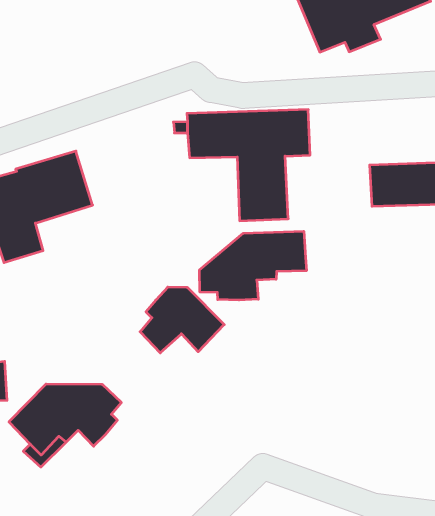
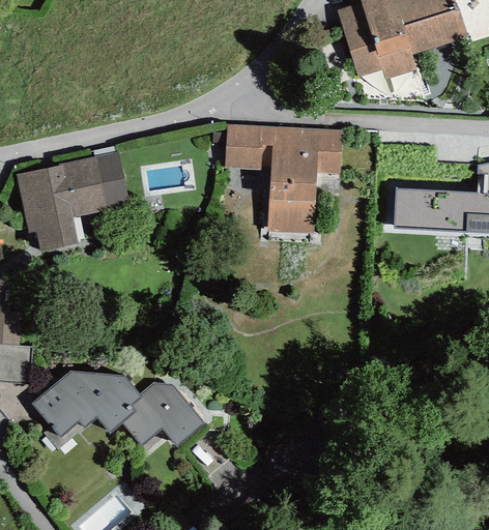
building: [200,231,306,300] -> none
building: [140,287,224,353] -> [122,382,203,446]

